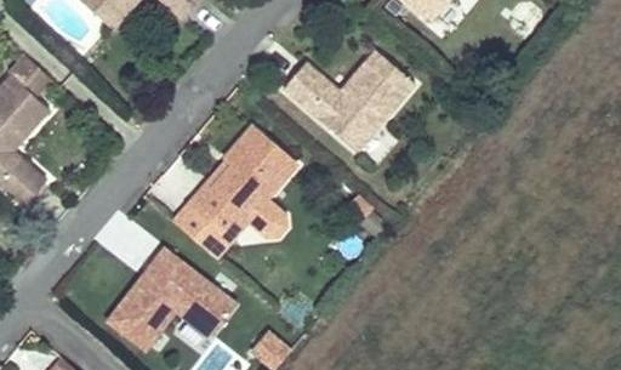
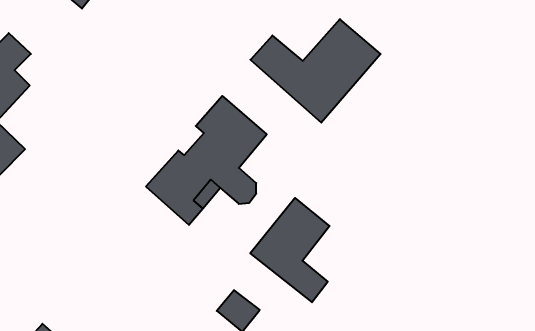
building: none -> [250,198,330,302]
building: [109,249,235,346] -> none

